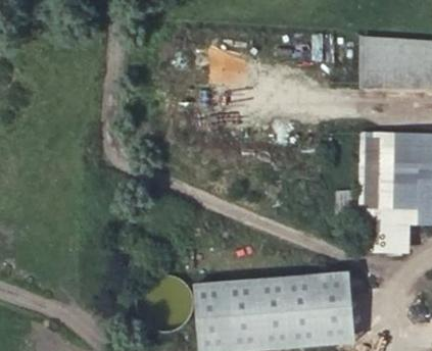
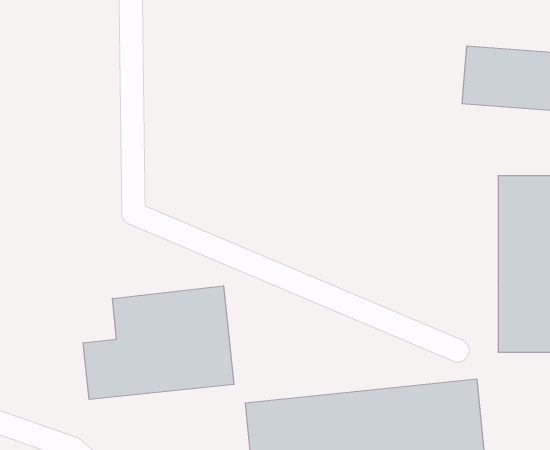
building: none -> [83,286,234,399]

